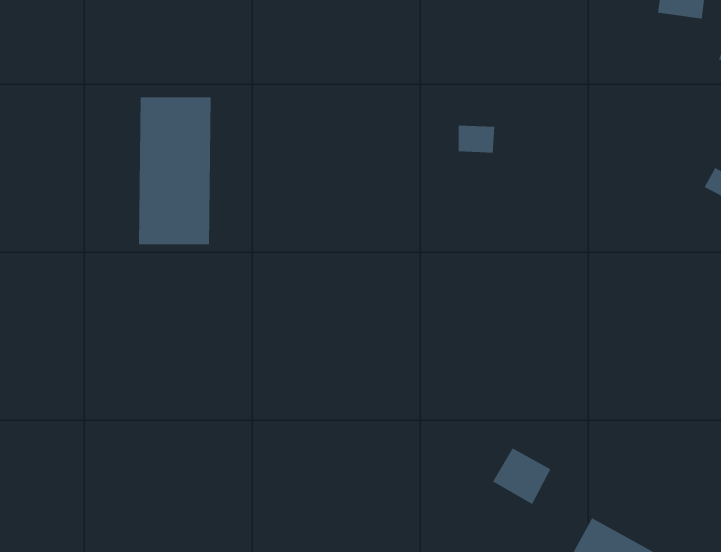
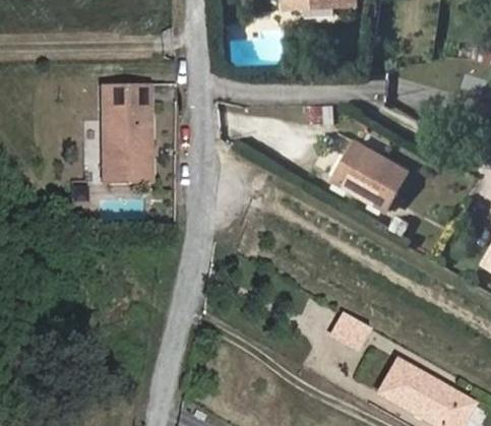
building: none -> [336,144,410,210]

